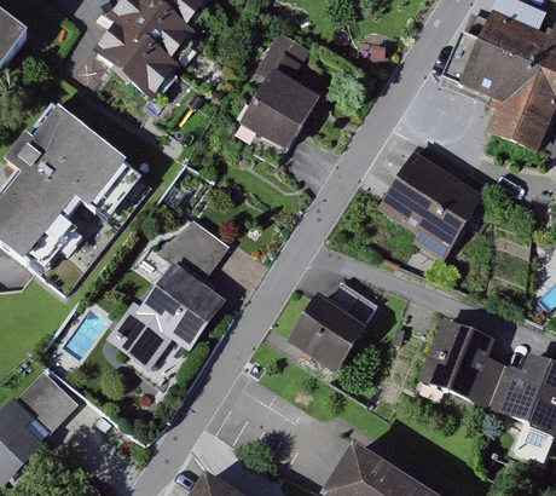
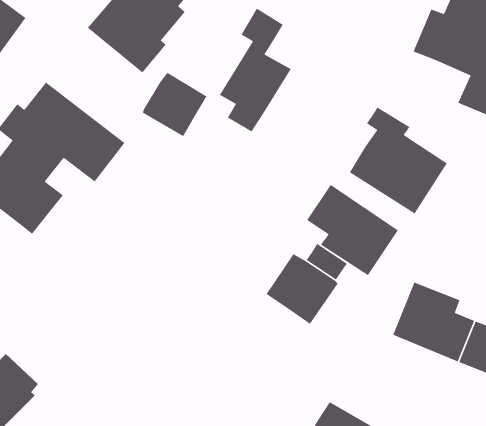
building: none -> [142,72,207,137]
building: none -> [306,184,399,276]
building: [108,219,227,364] -> none
building: [16,369,76,428] -> none

